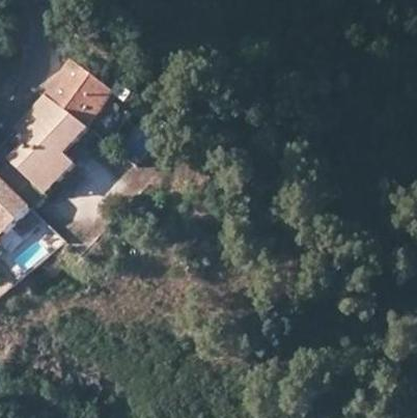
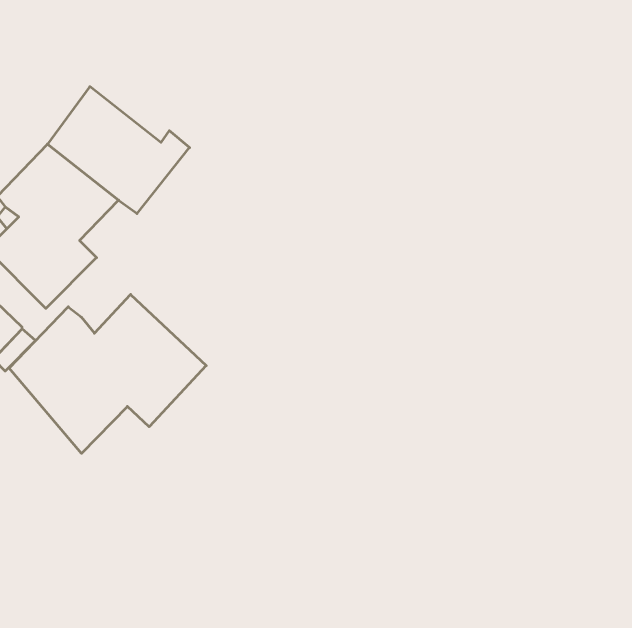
building: none -> [9,294,206,453]

